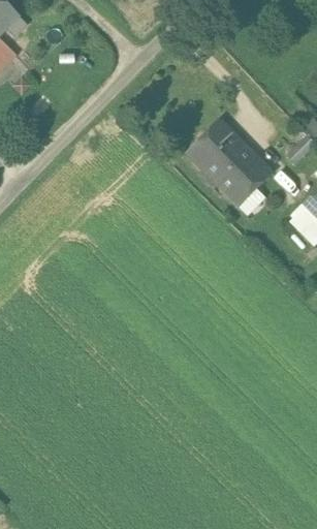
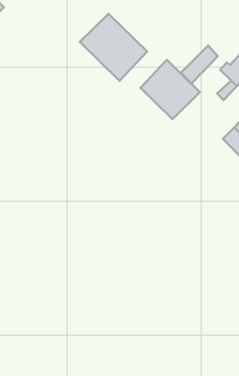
building: none -> [80,14,147,81]
building: [225,158,272,206] -> [181,46,218,83]

